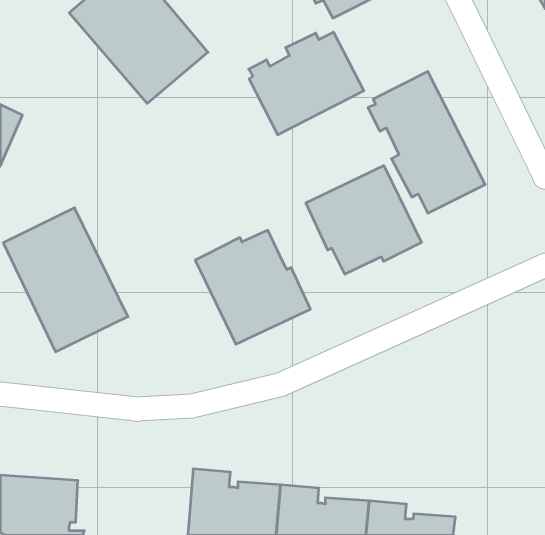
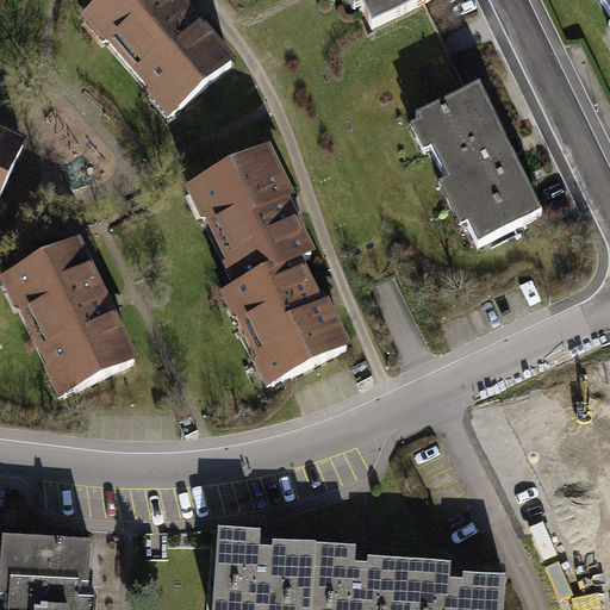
building: [249,32,364,135] -> none
building: none -> [181,141,313,285]
building: [306,166,421,274] -> none

